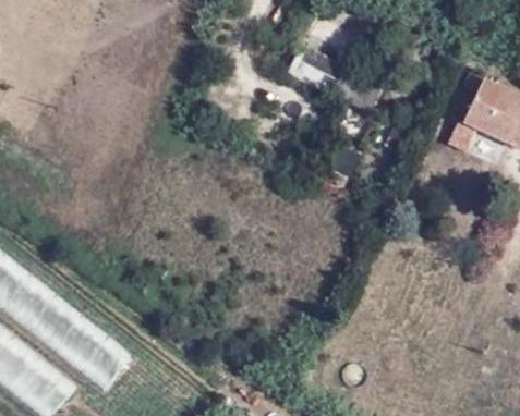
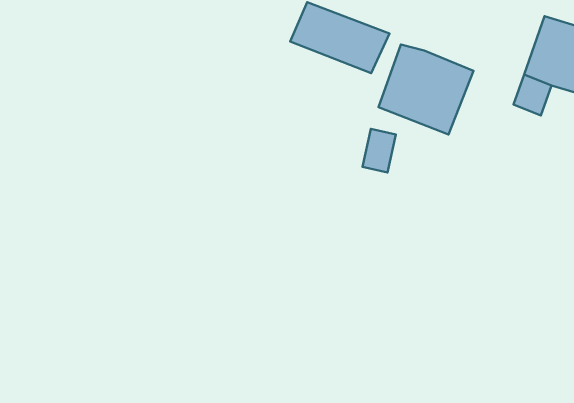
building: none -> [378,45,474,135]

